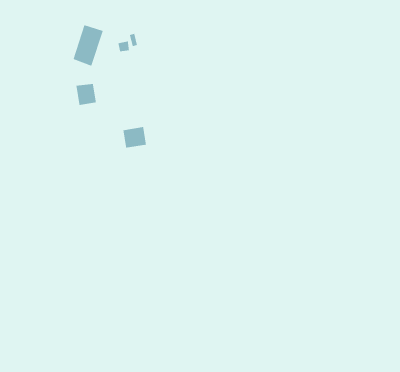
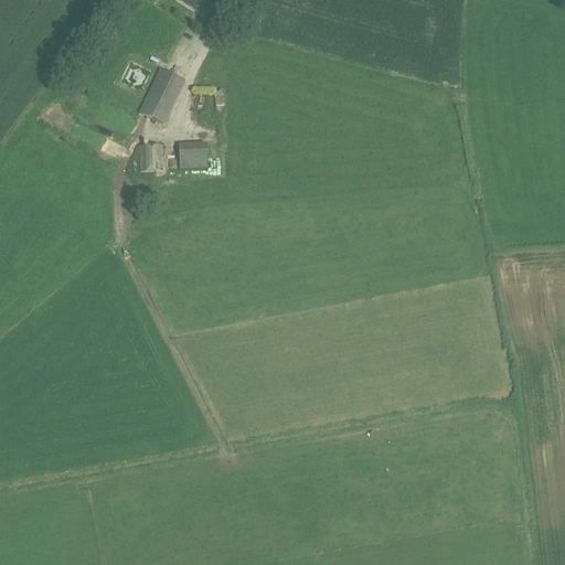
building: [123,126,147,148] -> [179,141,207,167]

